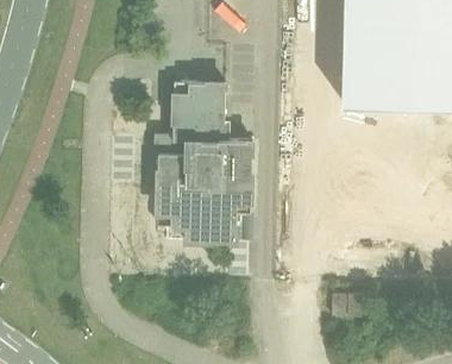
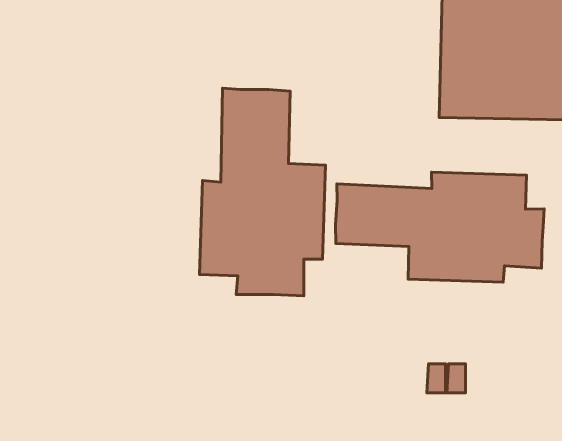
building: none -> [336,172,544,282]

